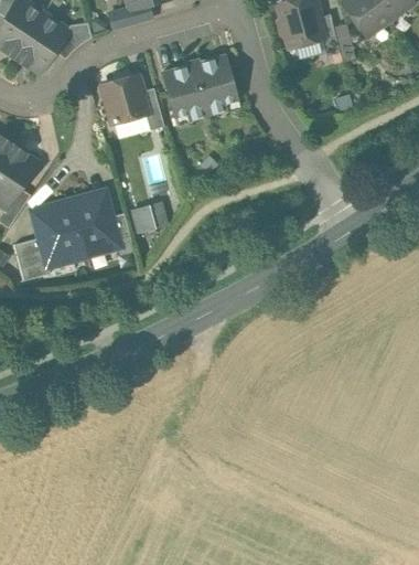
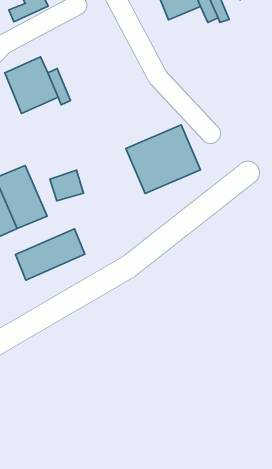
building: [160,52,239,122] -> [126,125,200,193]
building: none -> [16,229,85,280]

